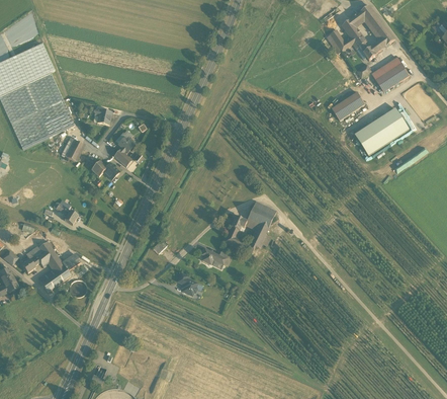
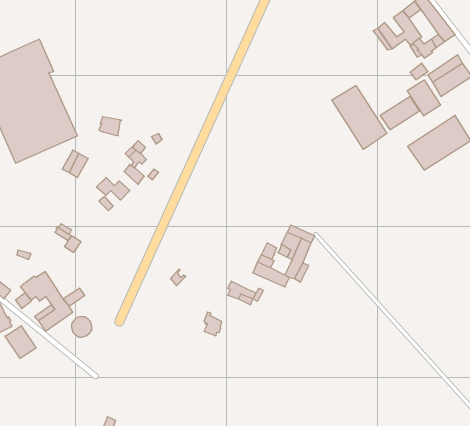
building: none -> [407,80,441,116]
building: none -> [332,86,387,149]
building: none -> [5,326,36,358]

